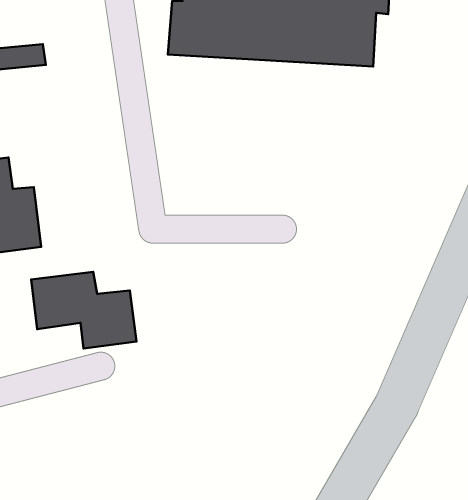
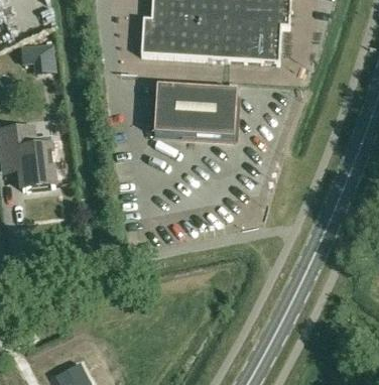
building: none -> [152,85,236,138]
building: [31,272,136,349] -> none

